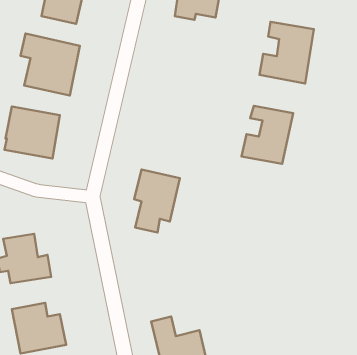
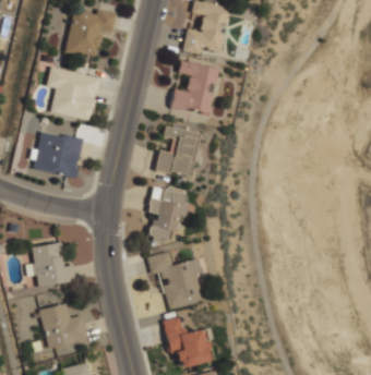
building: [260,22,314,84] -> [170,60,218,114]
building: [241,106,293,164] -> [155,125,201,177]
building: none -> [147,252,204,310]

